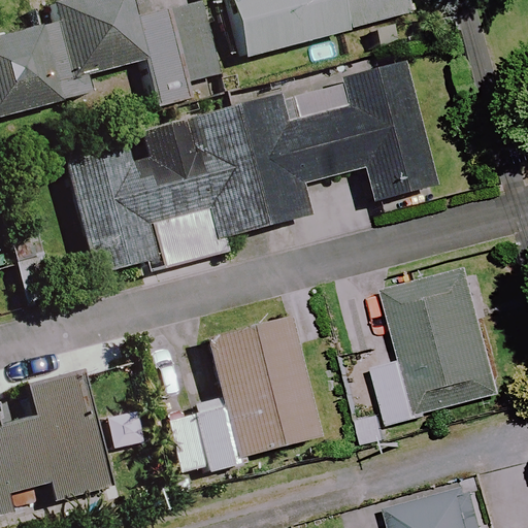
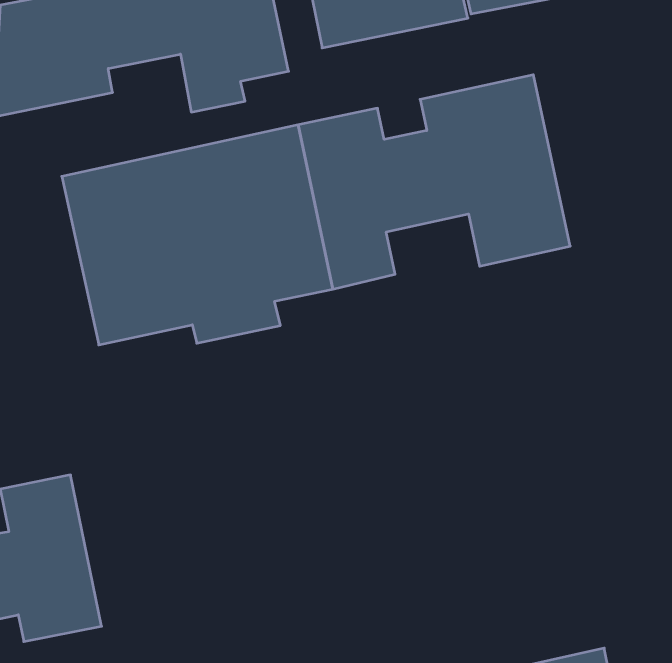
building: [376,267,508,421] -> none
building: [165,314,325,471] -> none

